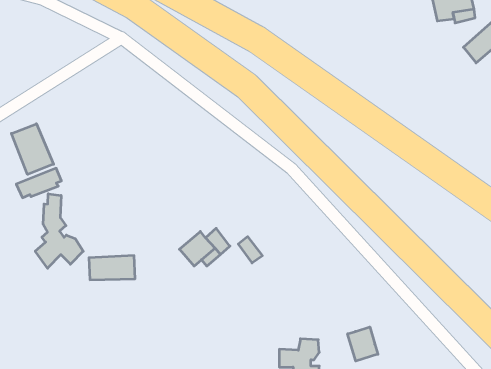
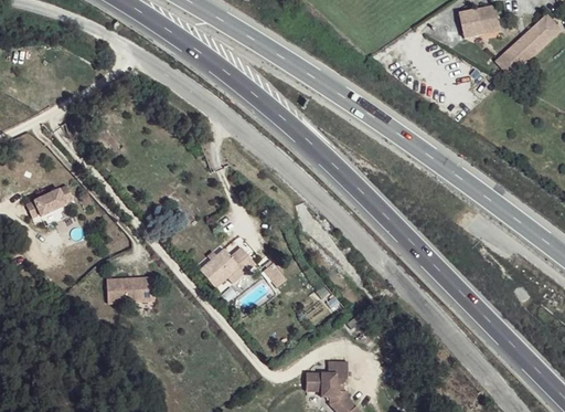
building: [11,124,54,174] -> none
building: [35,194,83,268] -> none
building: [348,327,378,361] -> none

